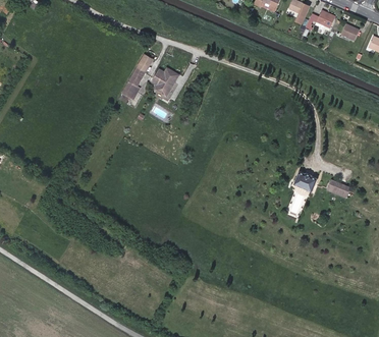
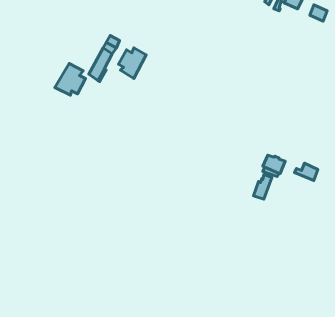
building: none -> [55,63,86,95]

